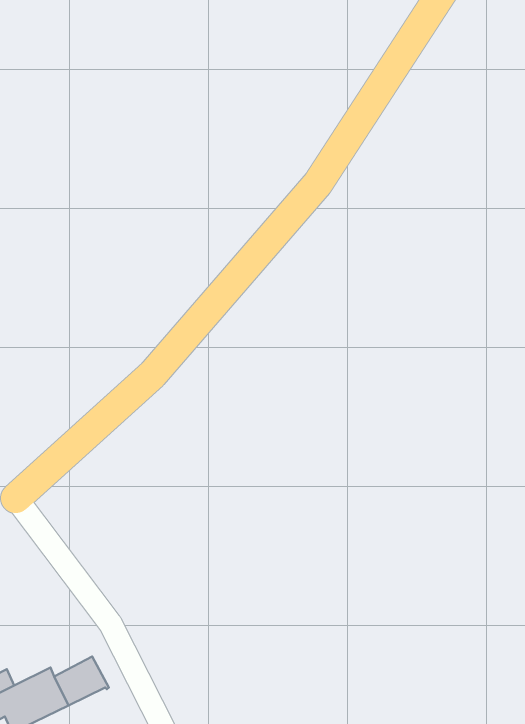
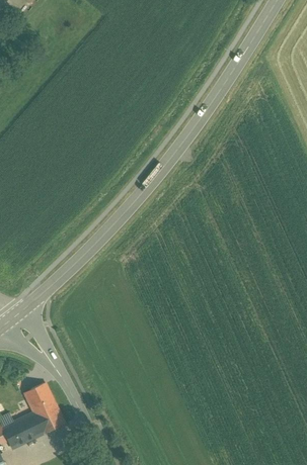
building: none -> [23,383,56,417]

